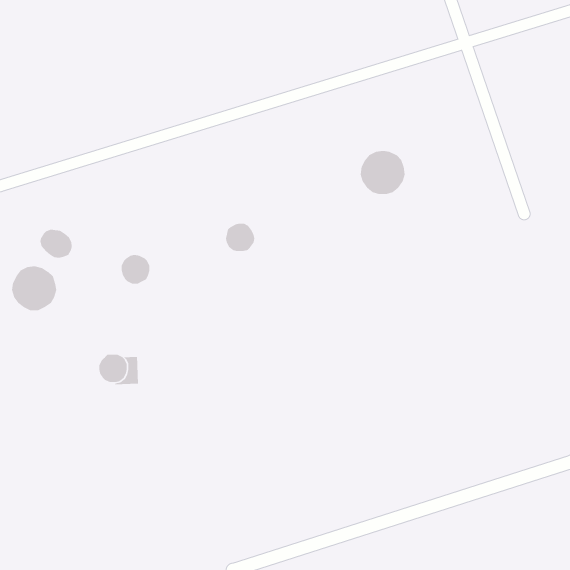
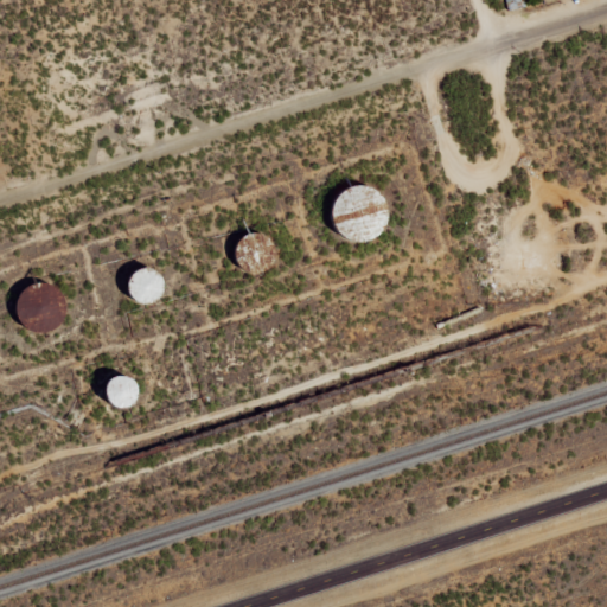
building: [360,150,406,195] -> [333,190,382,237]
building: [40,229,72,259] -> none

